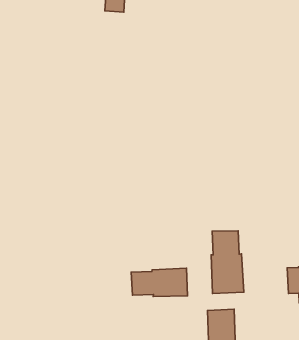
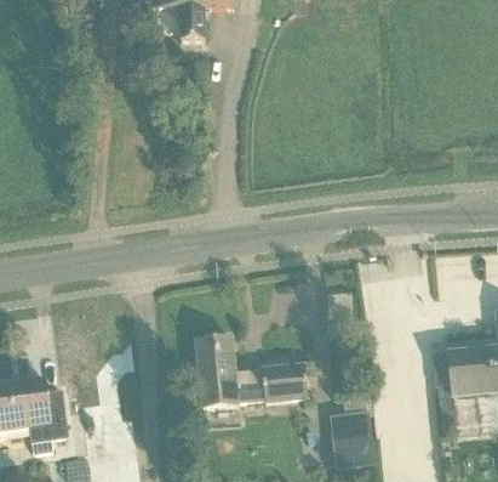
building: [211,231,244,294] -> none
building: none -> [195,338,237,407]

